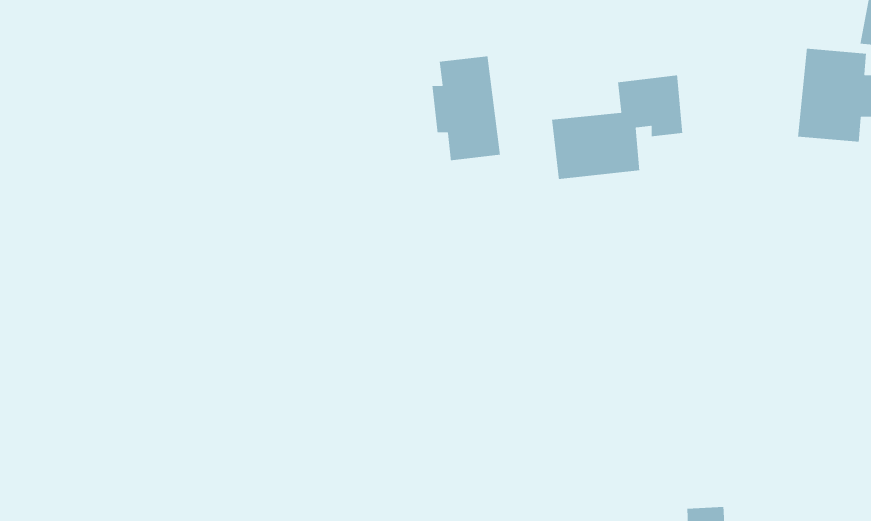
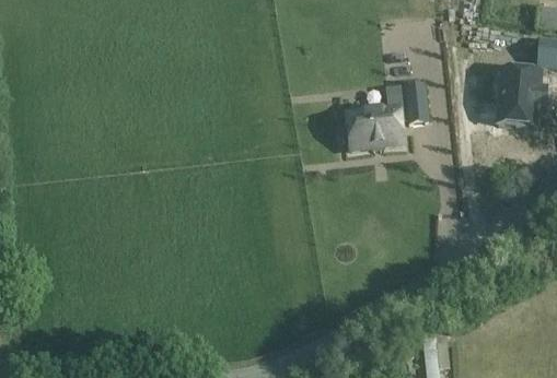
building: [431,55,501,161] -> none

